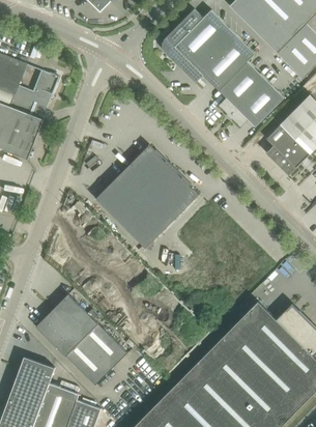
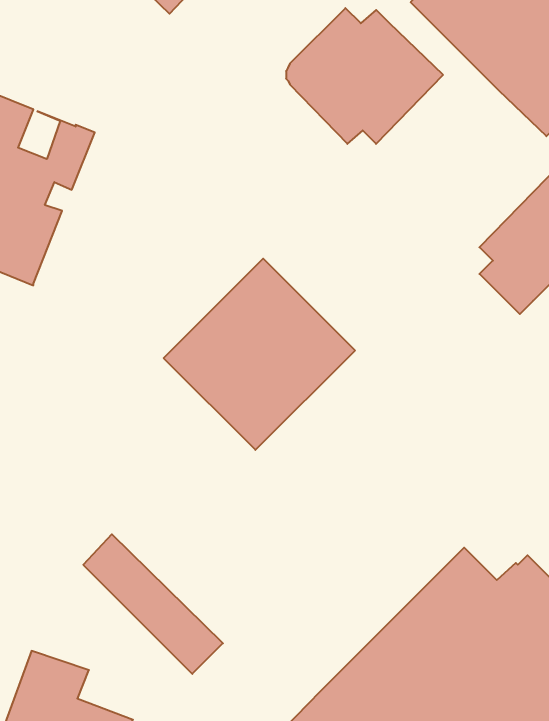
building: [210,46,284,127] -> none
building: [35,311,111,386] -> none

